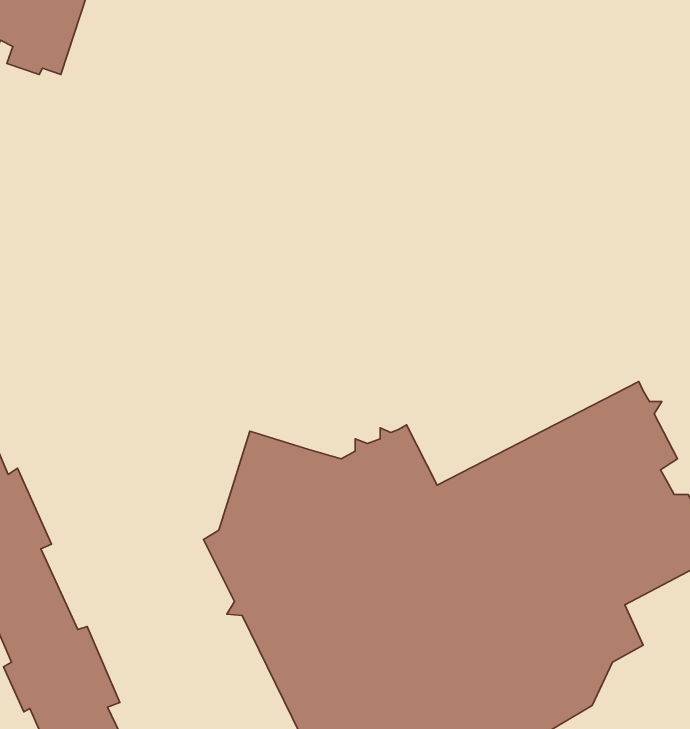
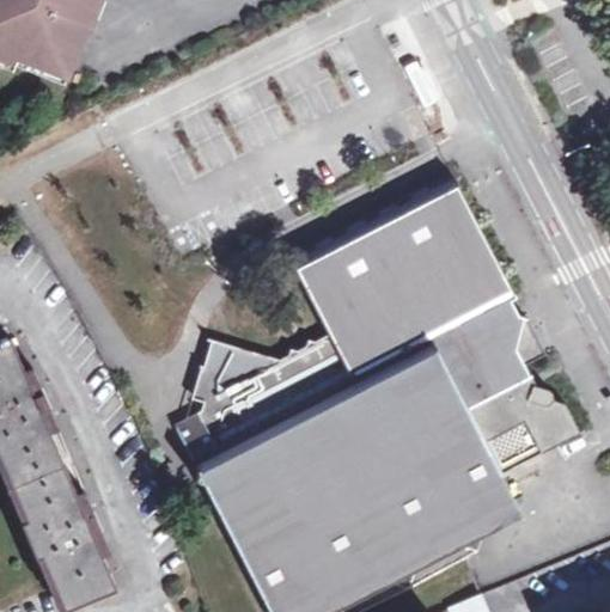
building: none -> [299,190,517,384]

